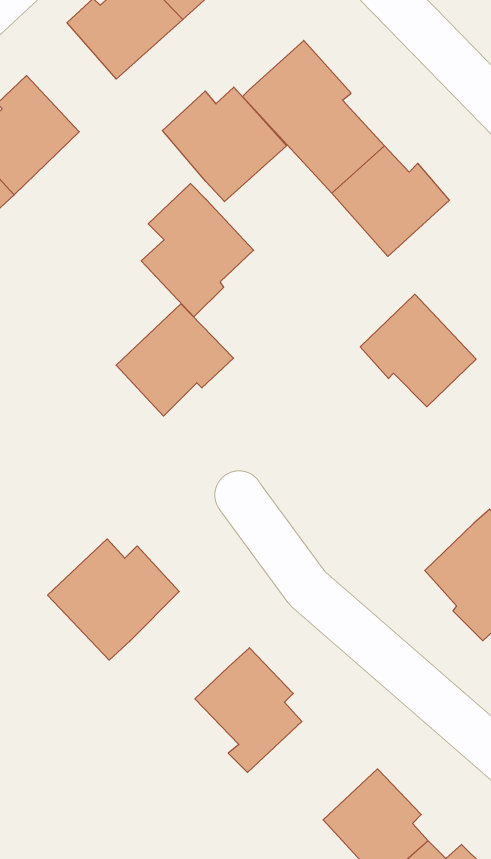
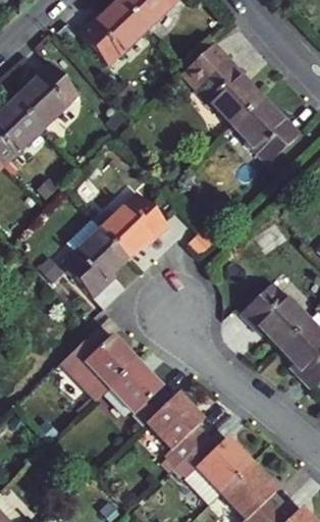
building: [162,87,287,202] -> none
building: [141,184,254,317] -> [64,219,129,297]
building: [360,294,476,407] -> [243,282,310,348]
building: none -> [110,360,167,425]
building: none -> [178,435,254,504]

